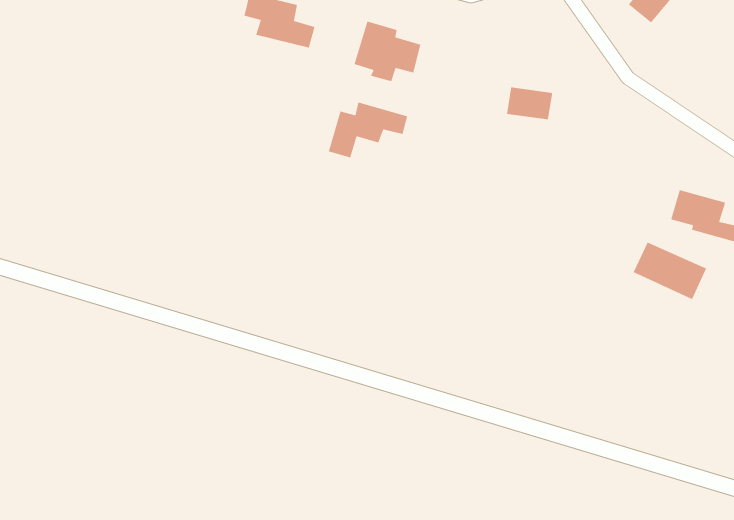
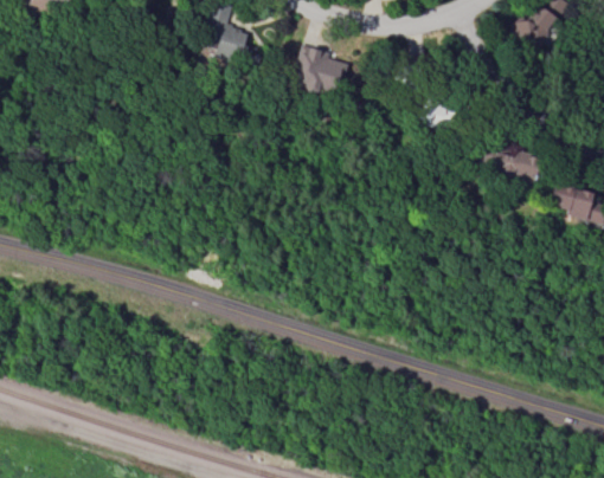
building: [328,101,408,159] -> none
building: [633,242,707,300] -> [482,138,542,186]

